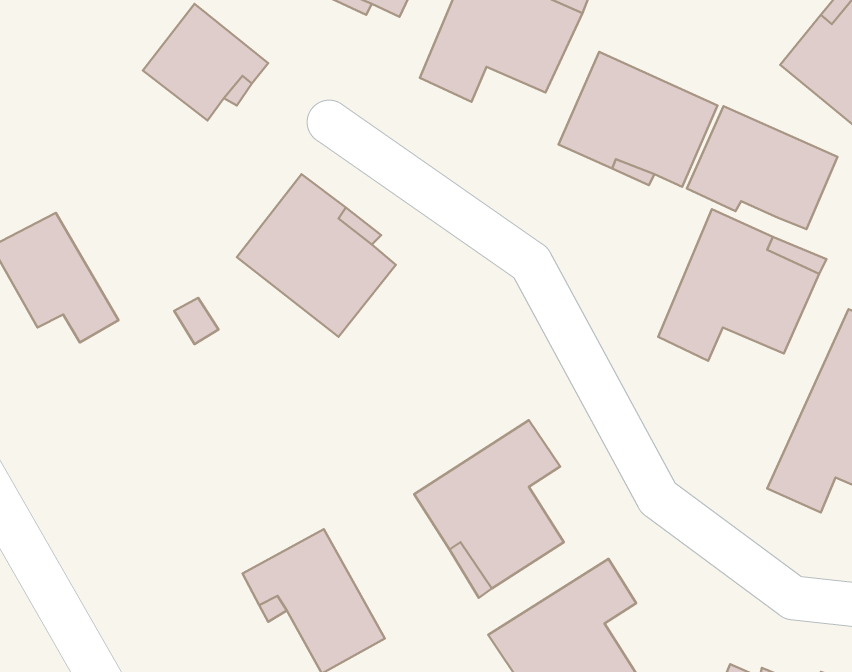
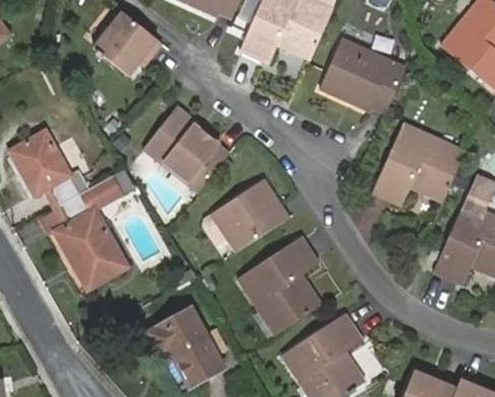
building: [687,106,838,229] -> none
building: none -> [200,178,283,254]
building: none -> [53,183,127,280]

